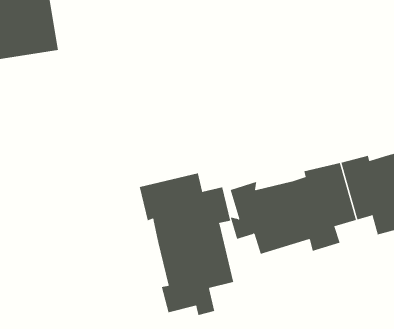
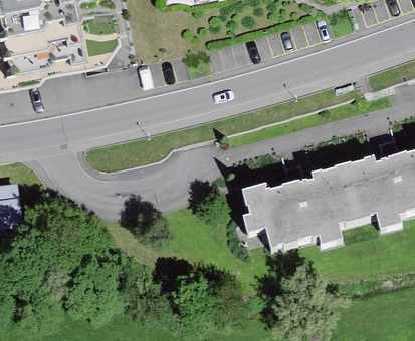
building: [139,172,234,316] -> none

